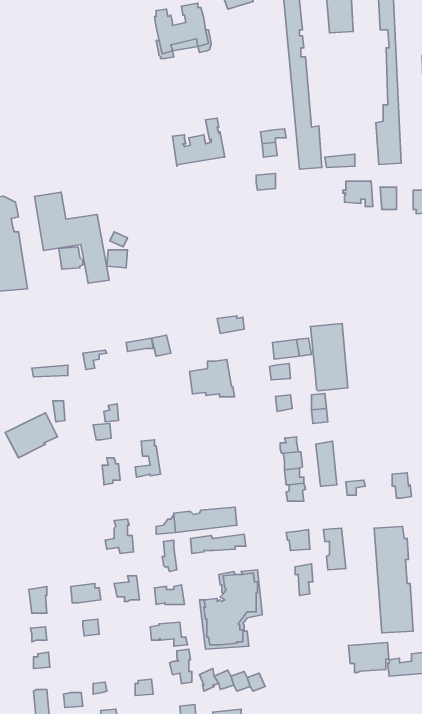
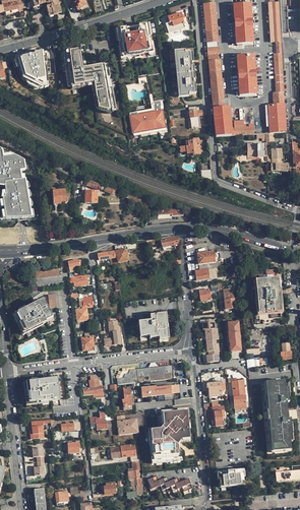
building: none -> [18,51,50,87]
building: none -> [174,51,194,93]
building: none -> [237,55,255,93]
building: [34,192,109,283] -> [62,48,113,110]
building: [311,323,348,391] -> [255,268,281,314]
building: [189,360,234,397] -> [138,313,169,338]
building: none -> [23,377,60,403]
building: [349,643,389,673] -> [217,464,244,485]

